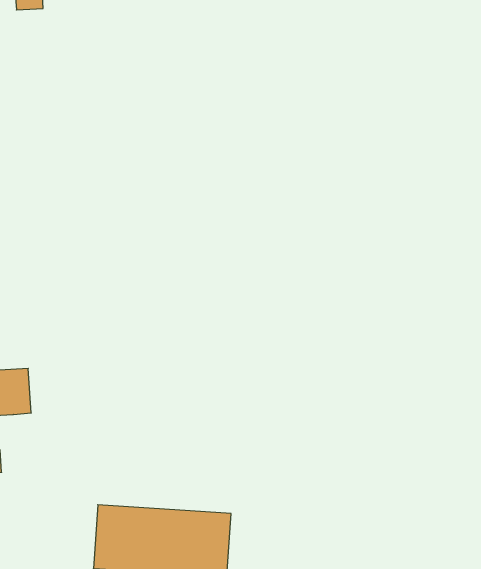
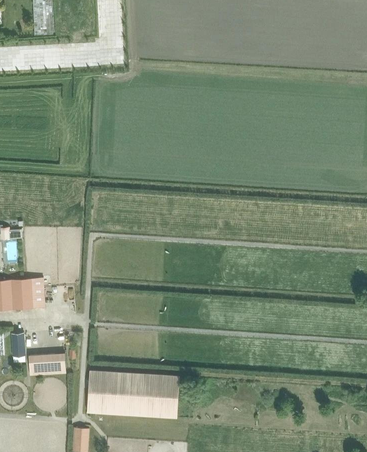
building: none -> [29,354,57,376]

